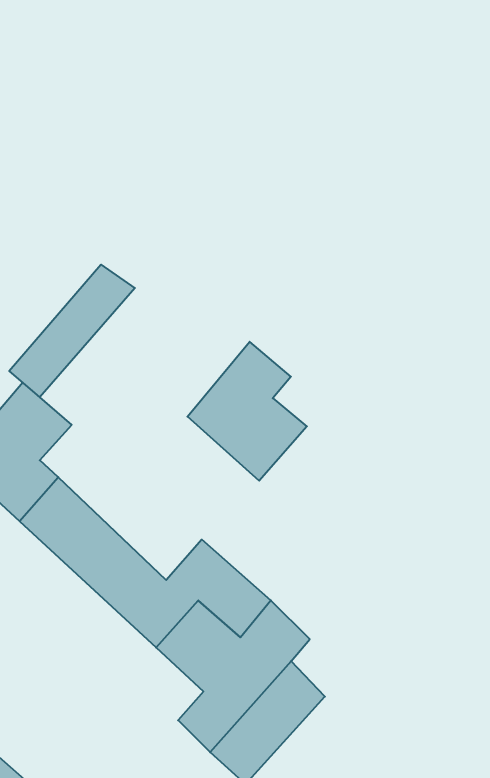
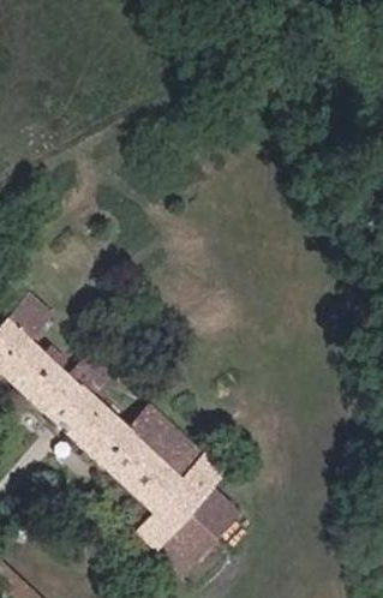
building: [9,265,135,397] -> none
building: [187,342,307,481] -> none

